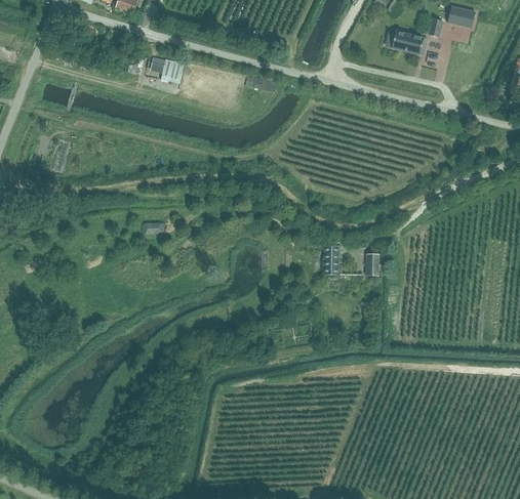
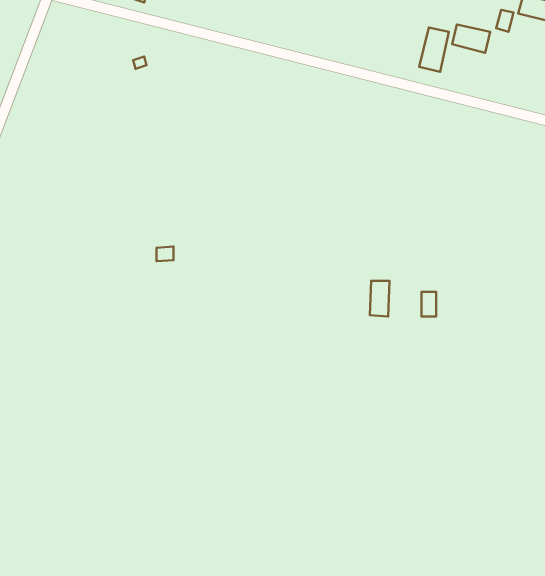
building: none -> [419,27,449,72]
building: [150,56,185,83] -> none

